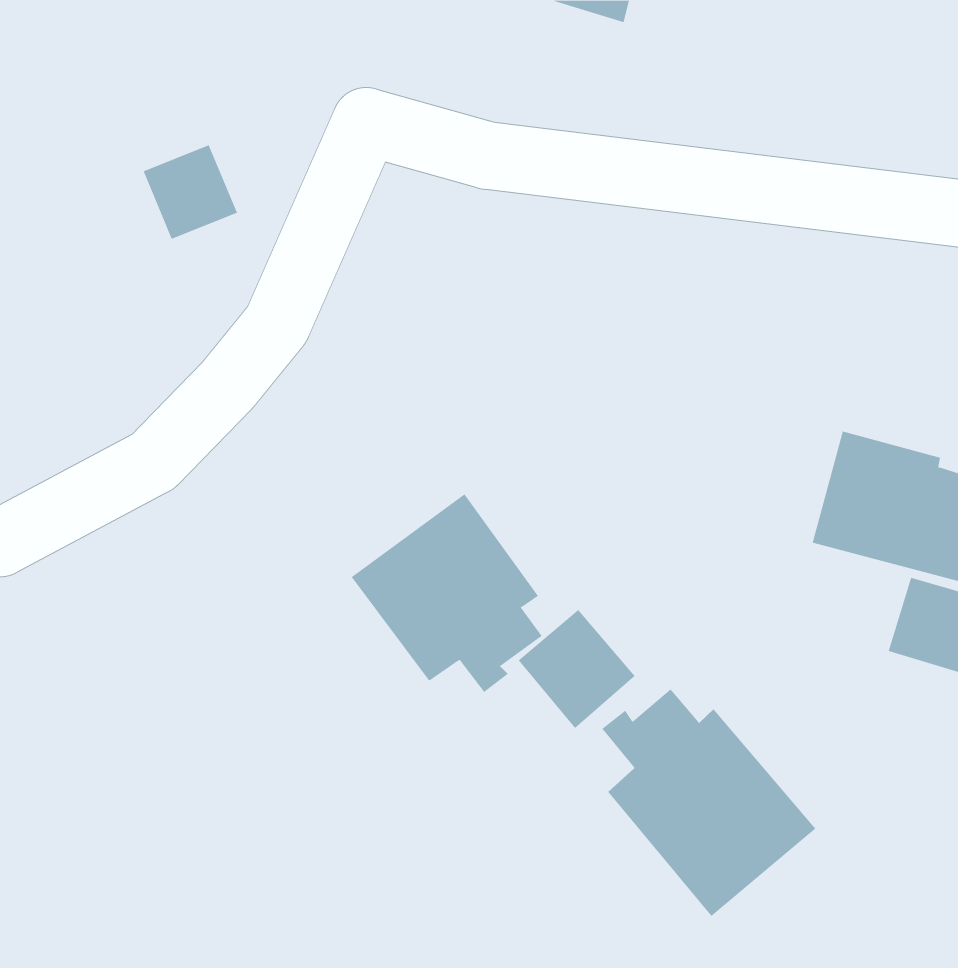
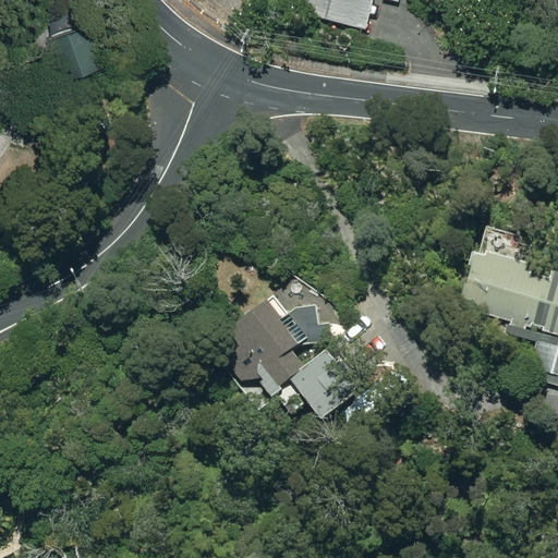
building: [143,145,238,240] -> [47,24,101,78]
building: [602,689,816,917] -> none

